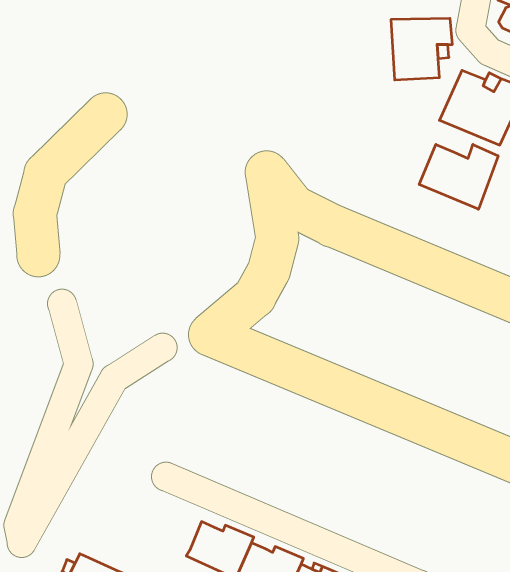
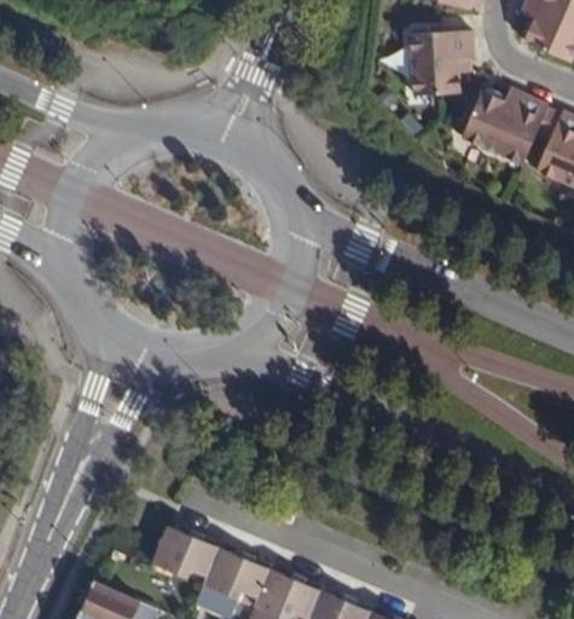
building: [419,144,498,209] -> none
building: none -> [152,526,220,577]

